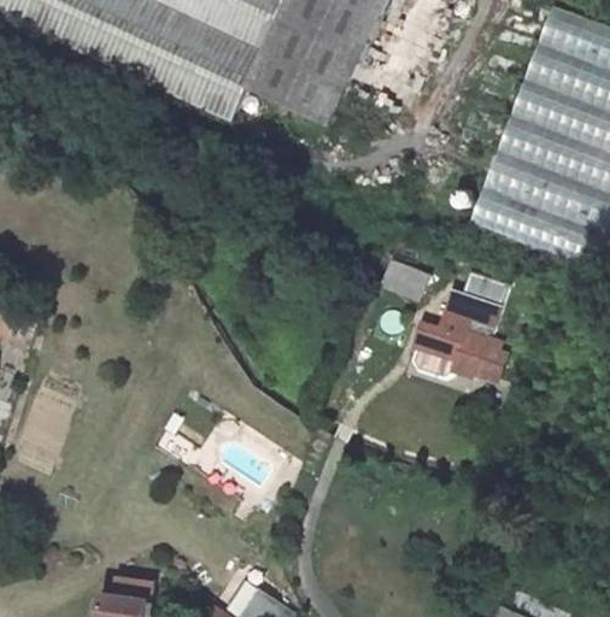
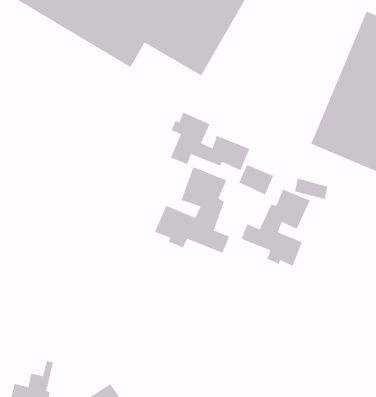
building: none -> [170,112,250,171]
building: none -> [154,166,230,254]

